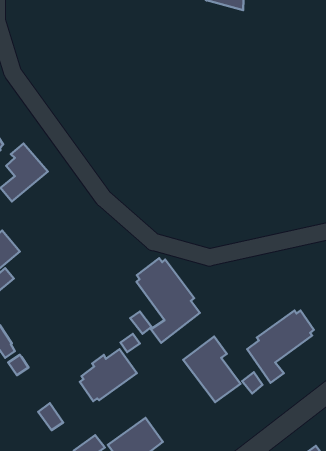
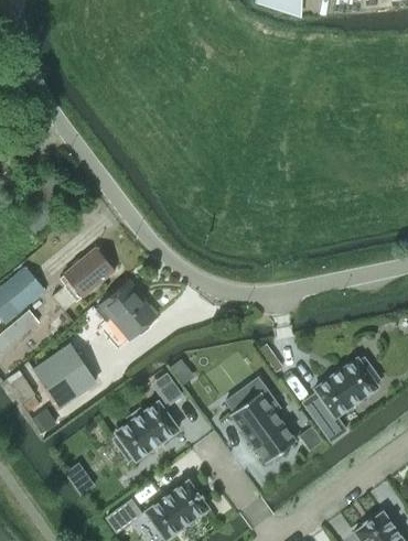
building: none -> [52,247,114,311]
building: none -> [96,282,157,338]
building: [136,258,200,343] -> none
building: none -> [34,345,96,405]

